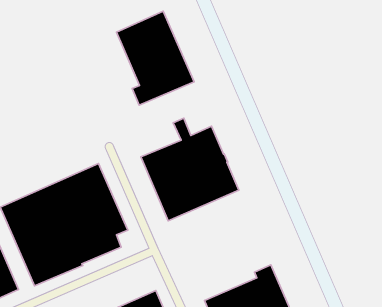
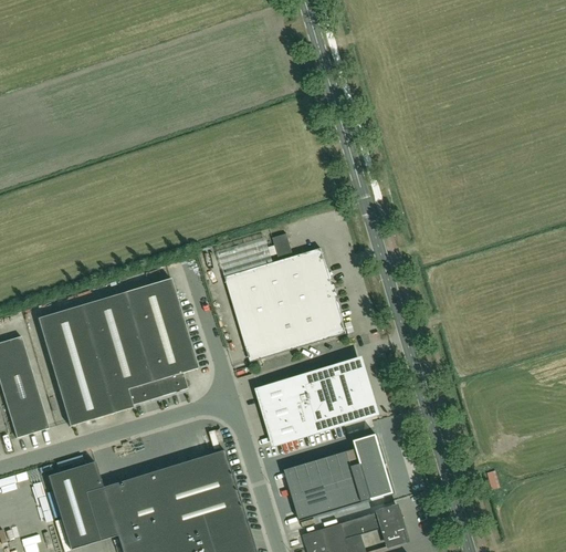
building: [116,11,194,105] -> none
building: none -> [258,361,369,444]

